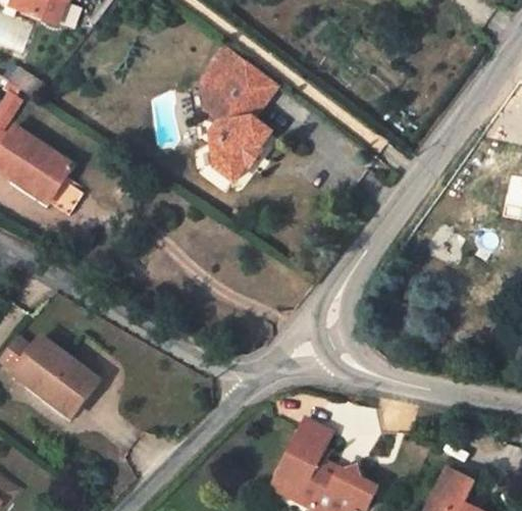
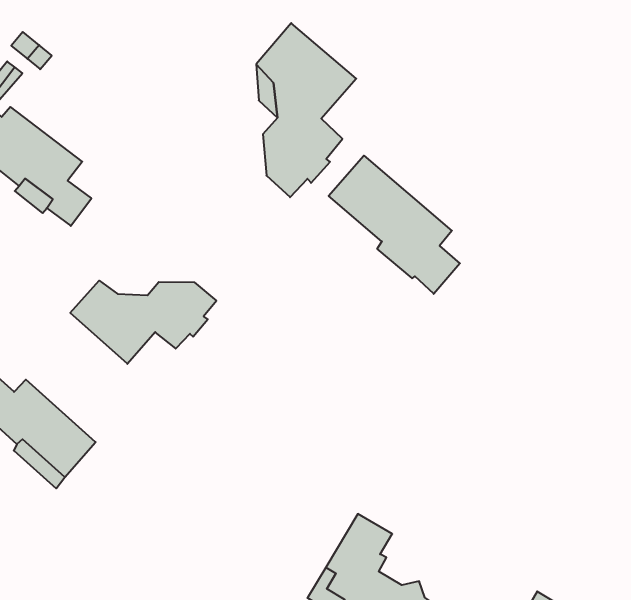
building: none -> [329,156,460,294]
building: none -> [70,281,216,364]

